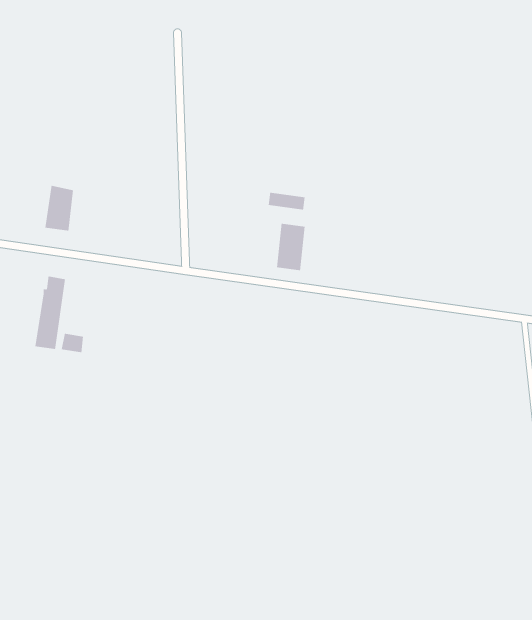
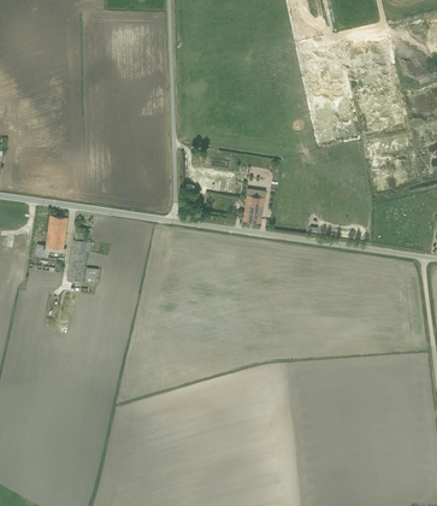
building: [44,185,74,231] -> [43,213,65,247]

